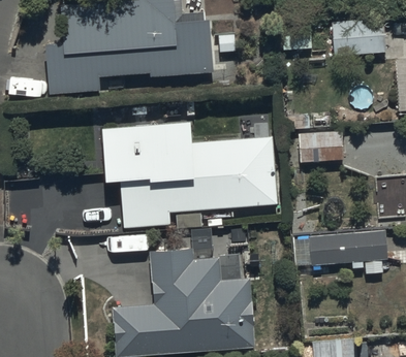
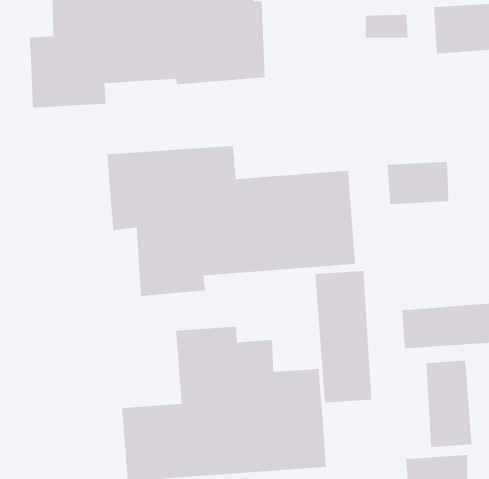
building: none -> [314,270,372,403]
building: none -> [426,360,472,448]

